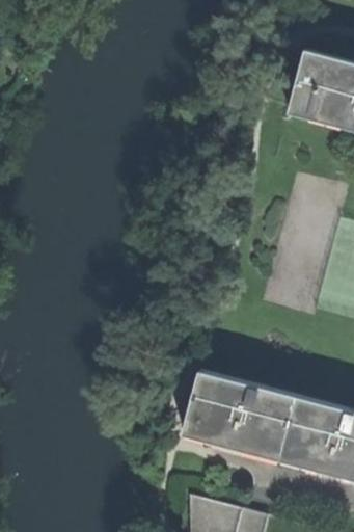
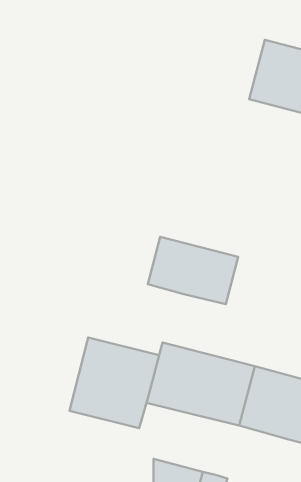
building: none -> [148,237,238,304]
building: none -> [70,337,159,428]

